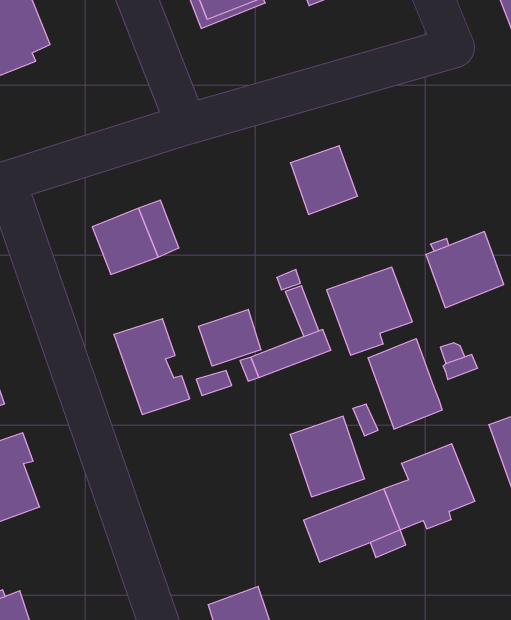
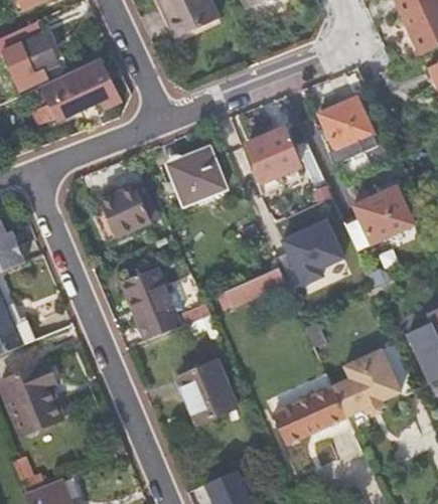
building: none -> [43,57,122,118]
building: none -> [318,97,377,164]
building: none -> [165,145,226,206]
building: [198,309,261,366] -> none
building: [368,339,442,429] -> none
building: [290,416,365,497] -> [177,360,236,423]

